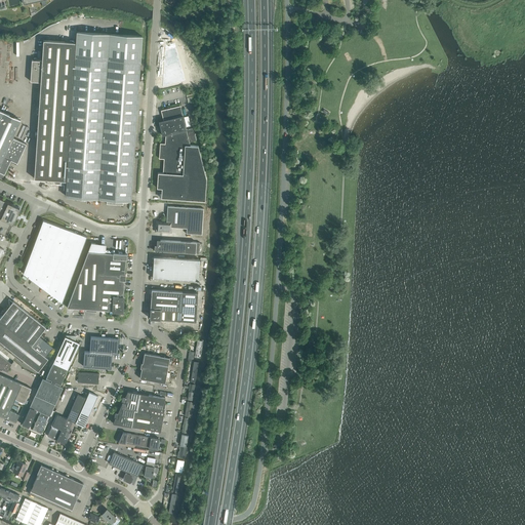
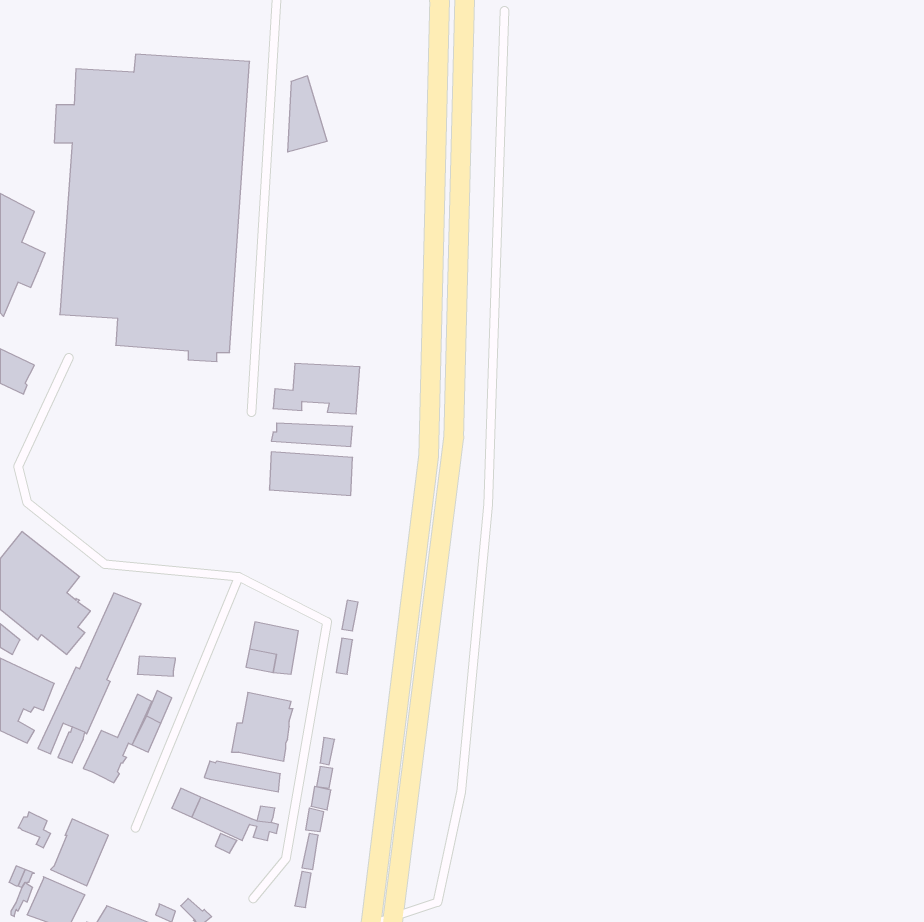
building: [157,107,206,202] -> none
building: [23,220,87,304] -> none
building: [67,242,127,314] -> none
building: [149,290,198,322] -> none
building: [83,337,119,369] -> none
building: [113,392,140,428] -> none
building: [49,475,83,512] -> none

